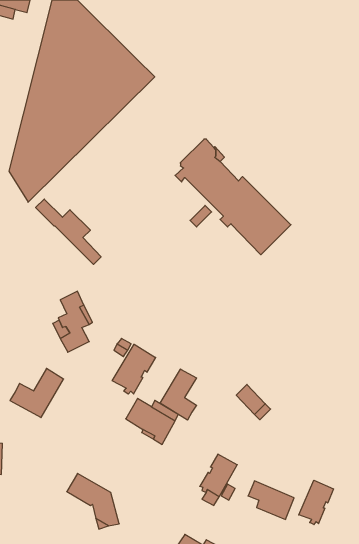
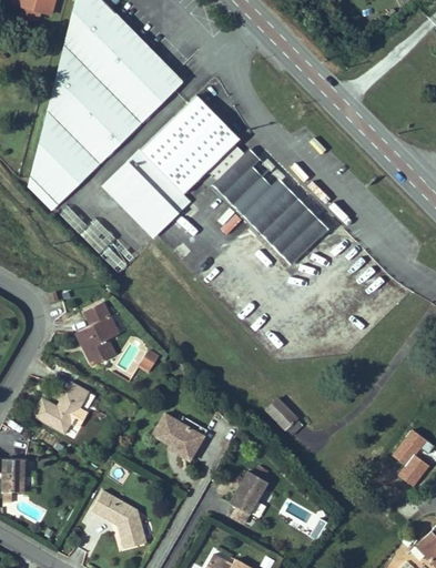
building: none -> [104,94,241,236]
building: [112,344,156,394] -> none
building: [160,369,197,420] -> none
building: [299,480,334,525] -> none

